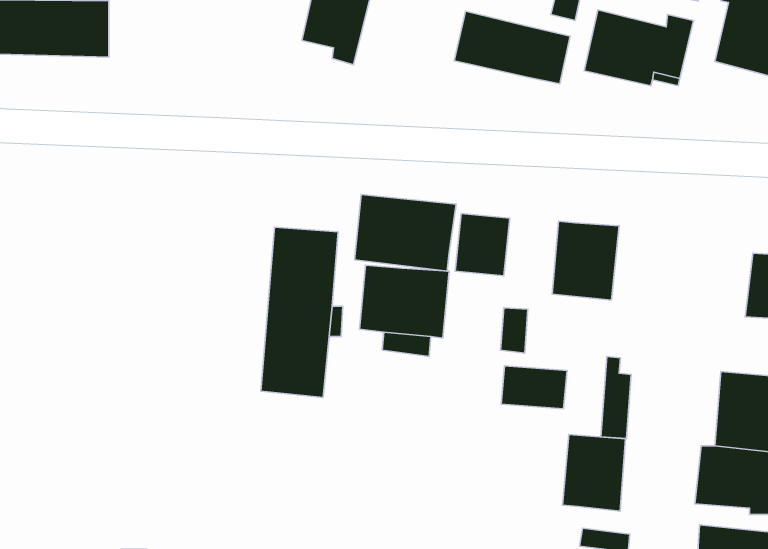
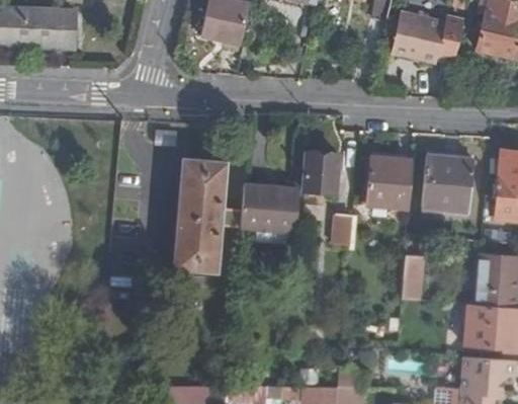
building: [454,11,570,84] -> none
building: [354,194,456,271] -> none
building: none -> [423,156,473,211]
building: [501,366,567,409] -> none
building: [562,434,626,511] -> none

